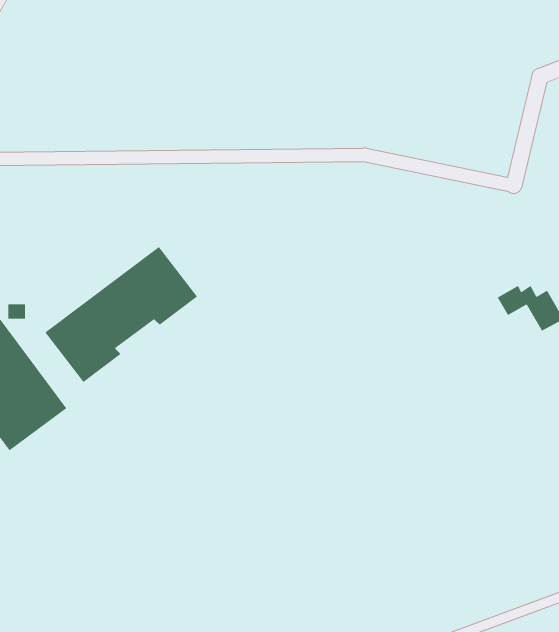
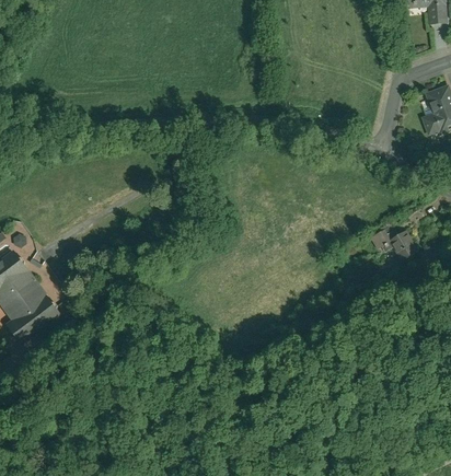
building: [44,246,198,383] -> none

